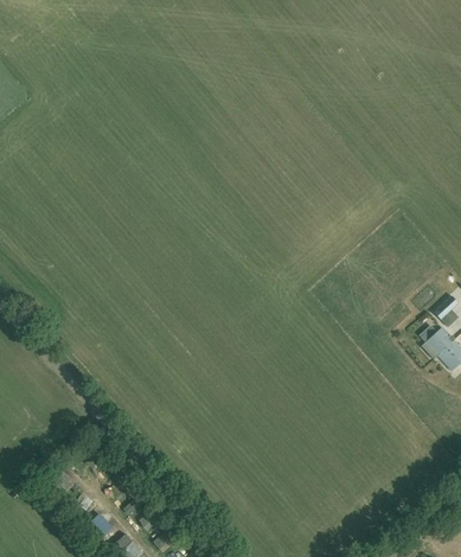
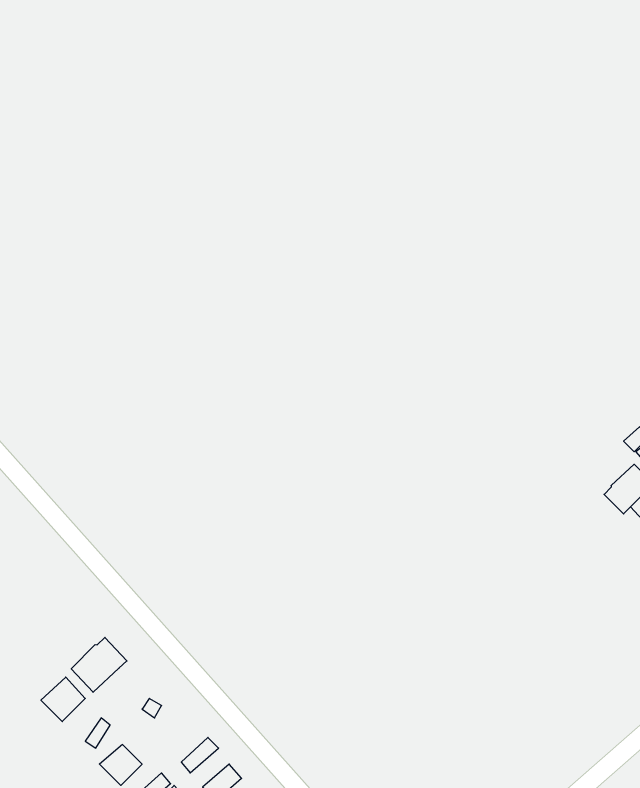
building: none -> [71,637,127,692]

